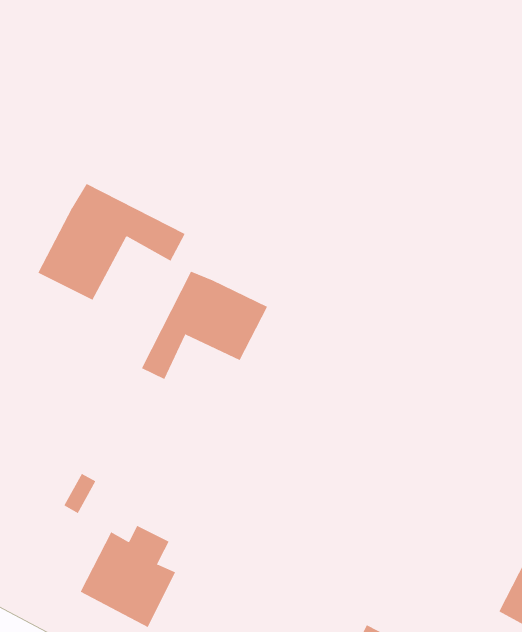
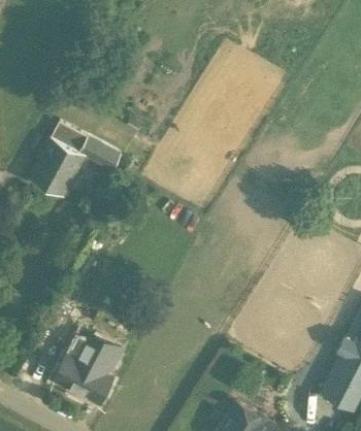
building: [141,271,268,380] -> none

